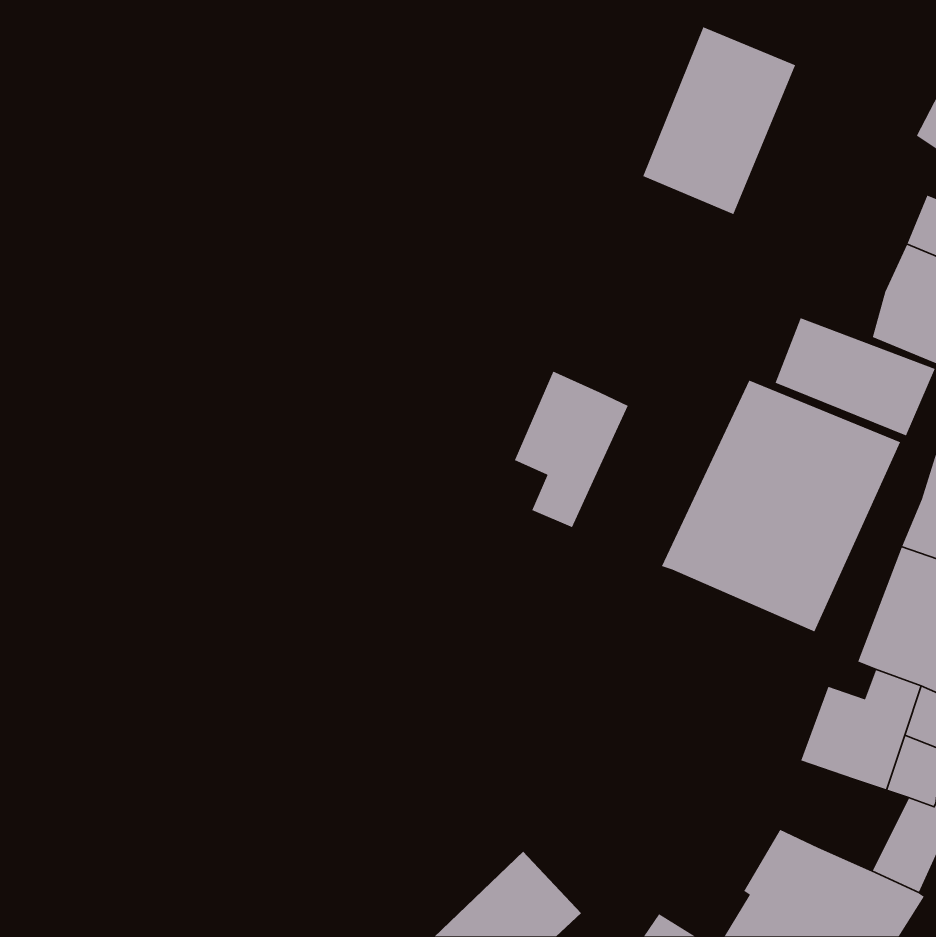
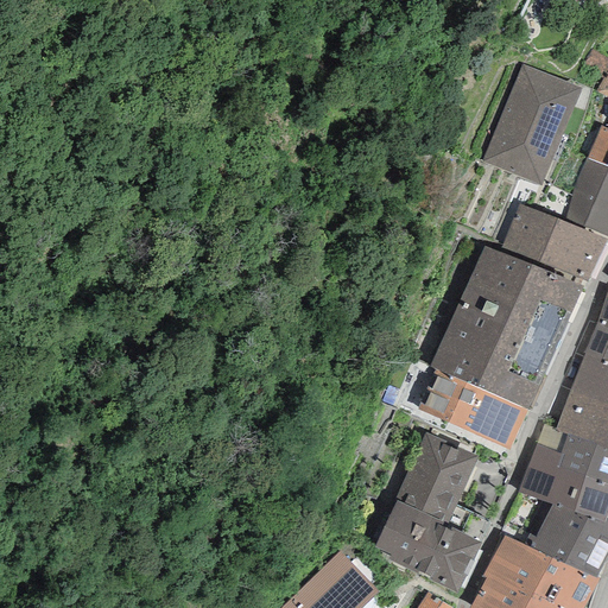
building: [642,26,796,215] -> [482,64,582,186]
building: [514,371,629,528] -> none
building: none -> [419,369,528,450]
building: none -> [375,432,482,594]
building: none -> [531,505,589,564]

